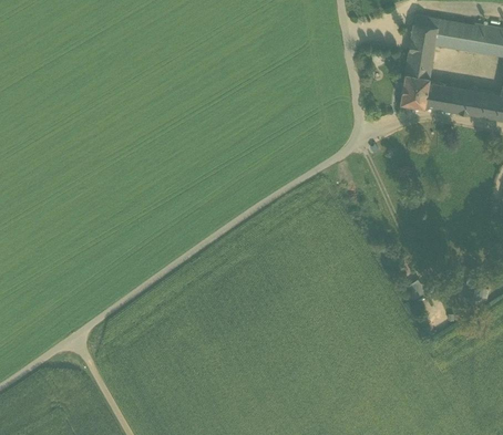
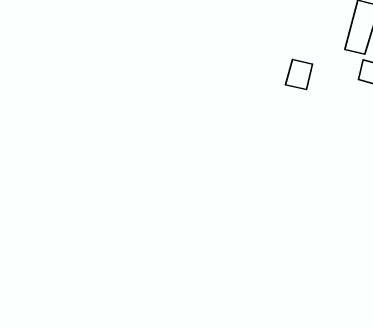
building: [400,74,429,107] -> [286,60,312,90]

